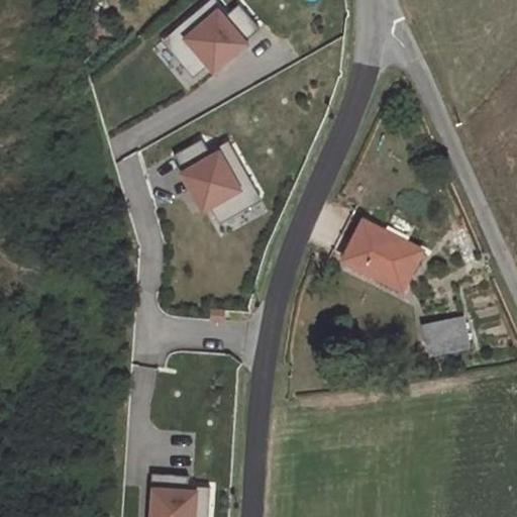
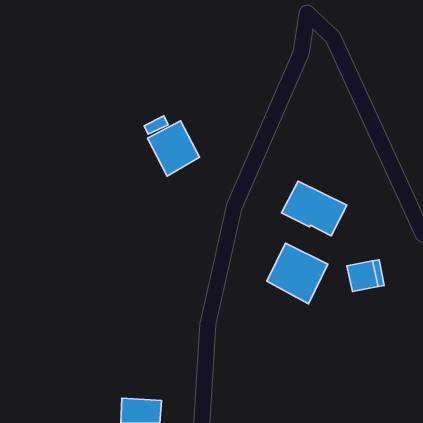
building: [181,5,250,74] -> none
building: none -> [267,243,328,304]

